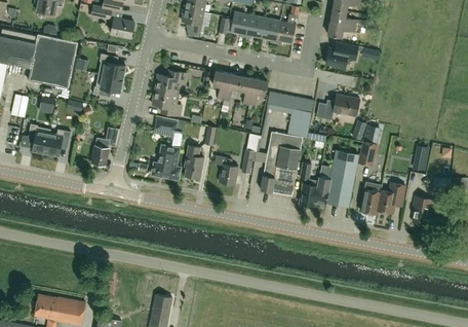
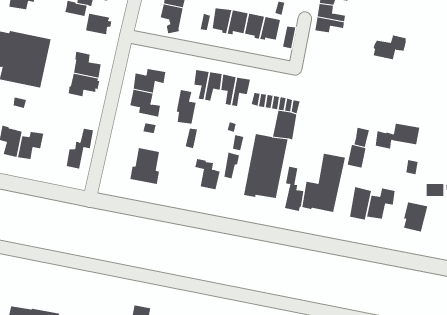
building: [325,43,357,67] -> [373,35,406,60]
building: [316,95,359,119] -> [375,123,420,149]
building: [184,145,203,178] -> [176,90,196,124]

